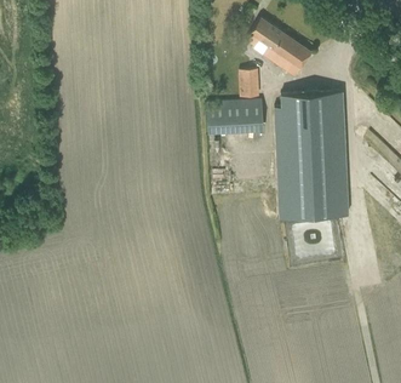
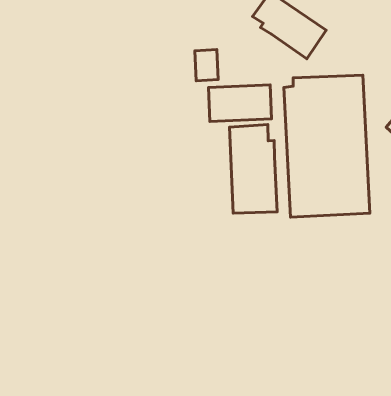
building: [239,69,259,97] -> [195,49,218,81]
building: none -> [229,124,277,213]

